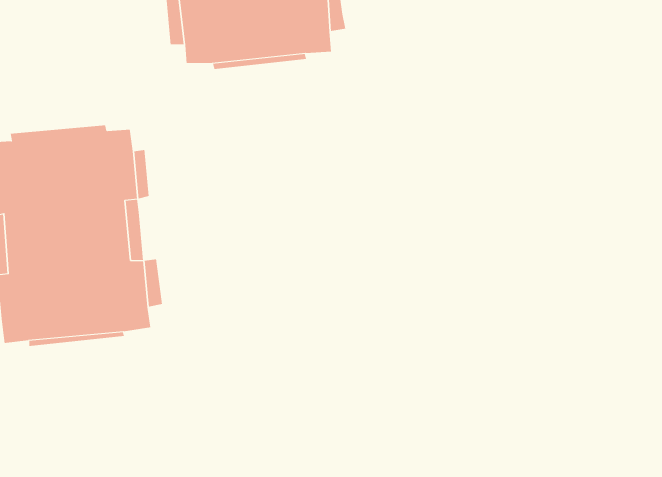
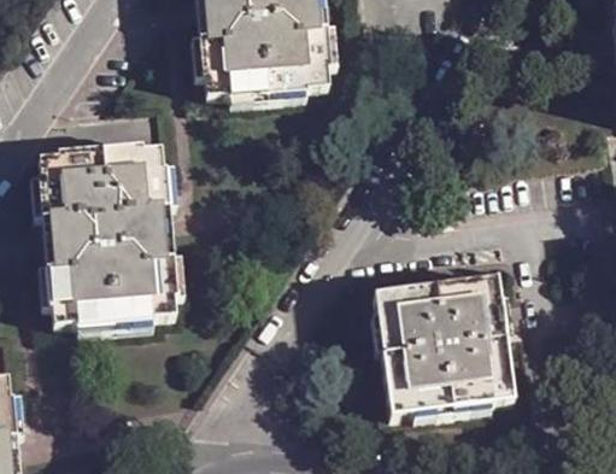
building: none -> [376,274,518,416]

